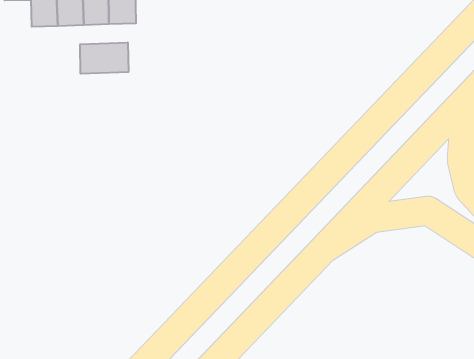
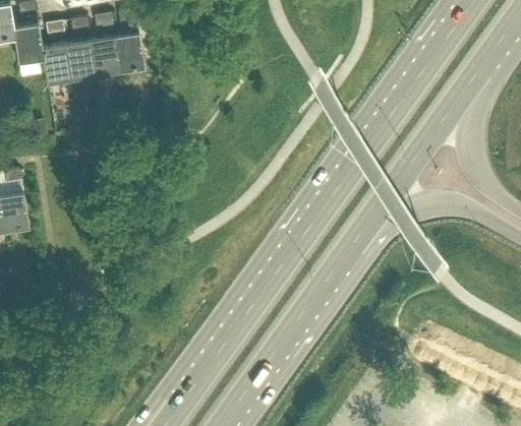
building: [80,42,128,74] -> none

